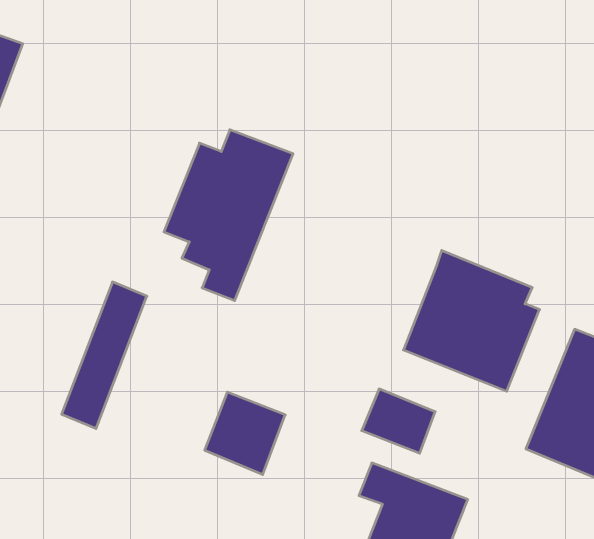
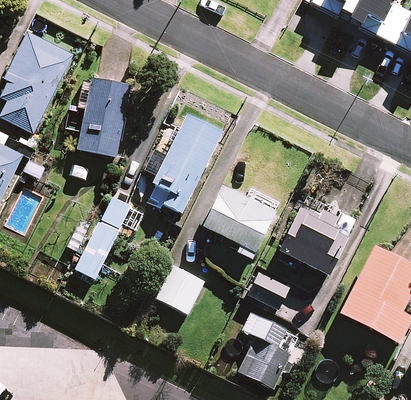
building: none -> [65,80,130,157]
building: none -> [203,188,279,259]

